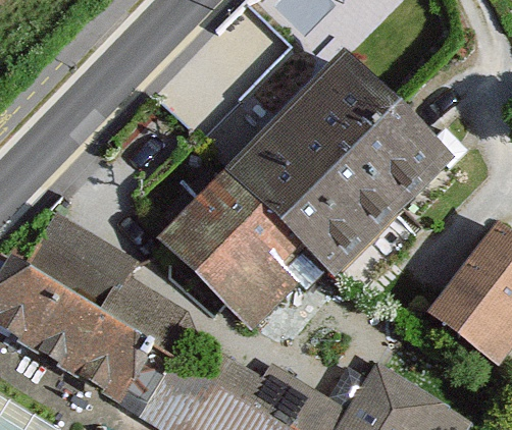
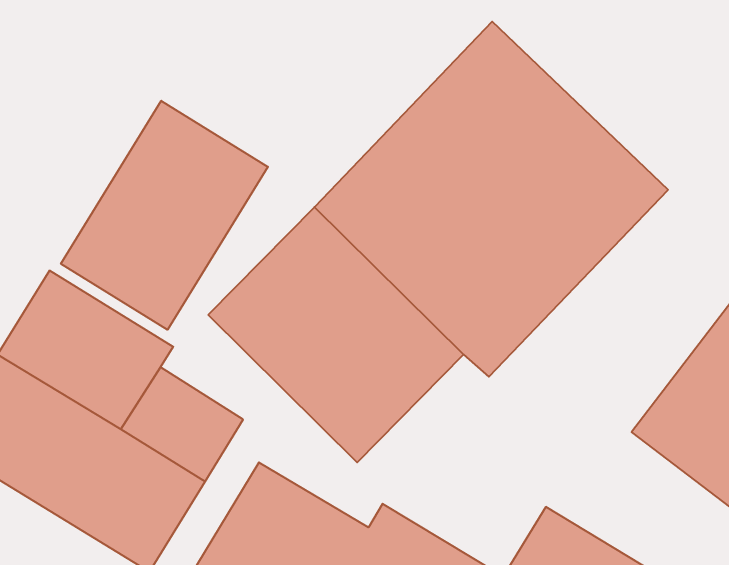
building: none -> [61,101,268,330]

